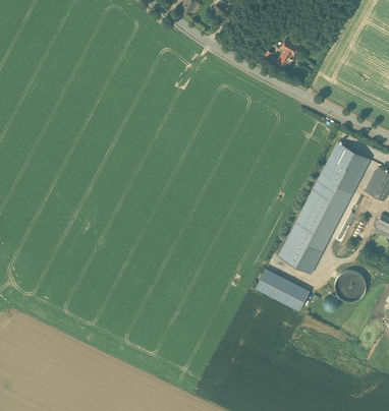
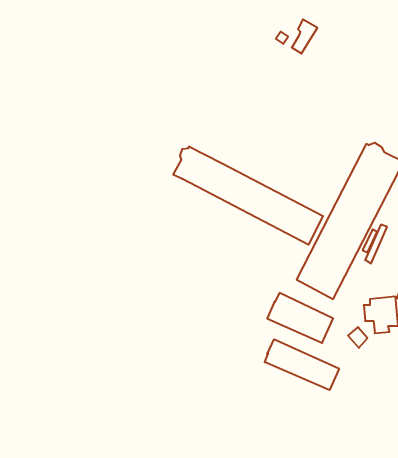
building: none -> [173,146,323,245]
building: none -> [265,339,339,390]

